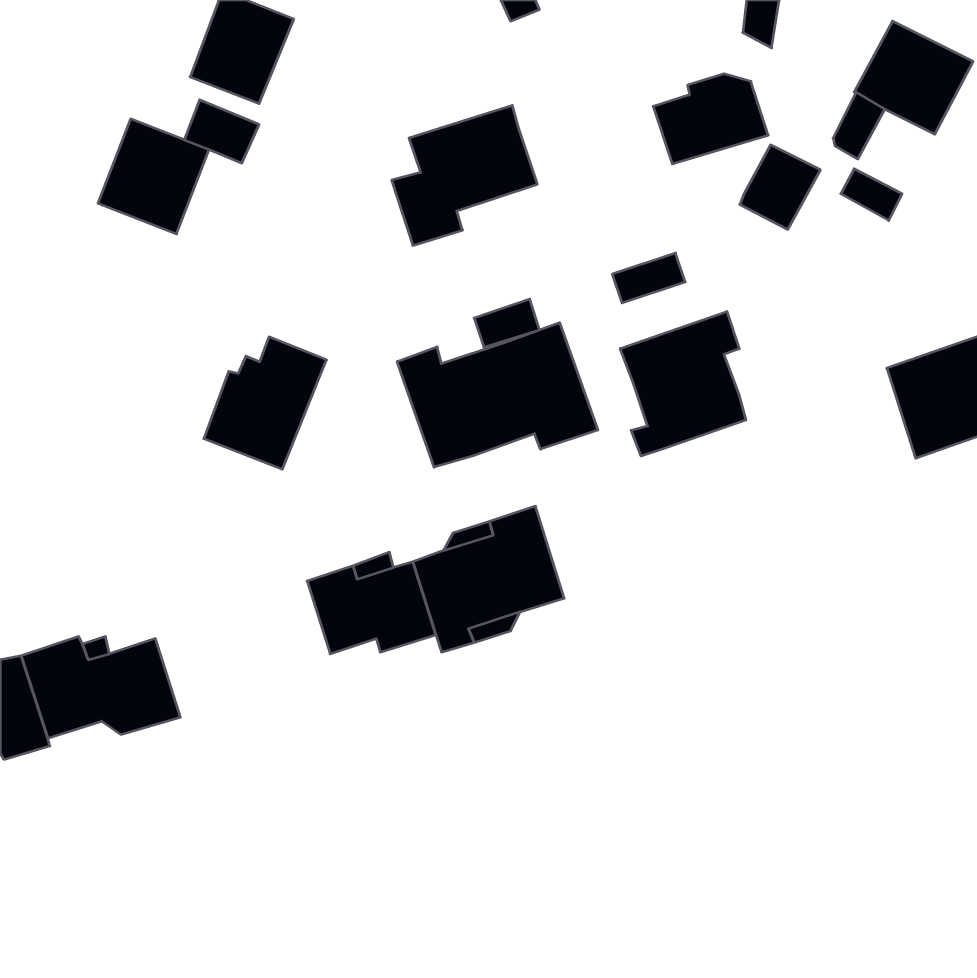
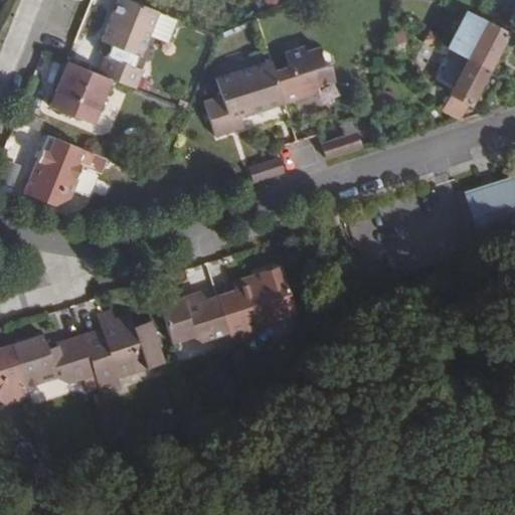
building: [653,74,768,164] -> [274,50,334,98]
building: [740,145,820,229] -> [450,58,492,103]
building: [620,311,746,456] -> none
building: [397,323,598,467] -> none
building: [204,337,327,469] -> [19,138,83,207]
building: none -> [83,313,164,386]

